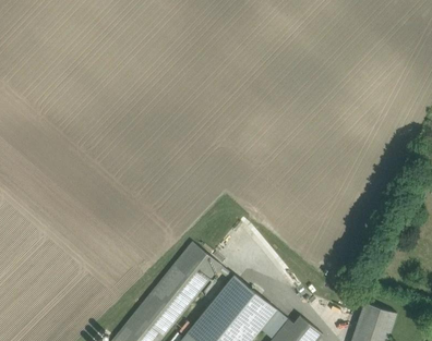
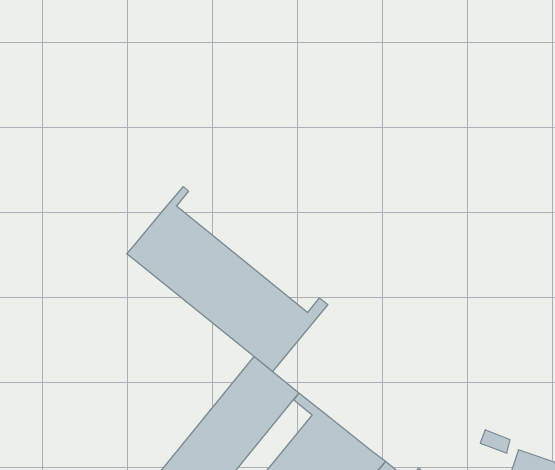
building: none -> [127,187,328,371]

